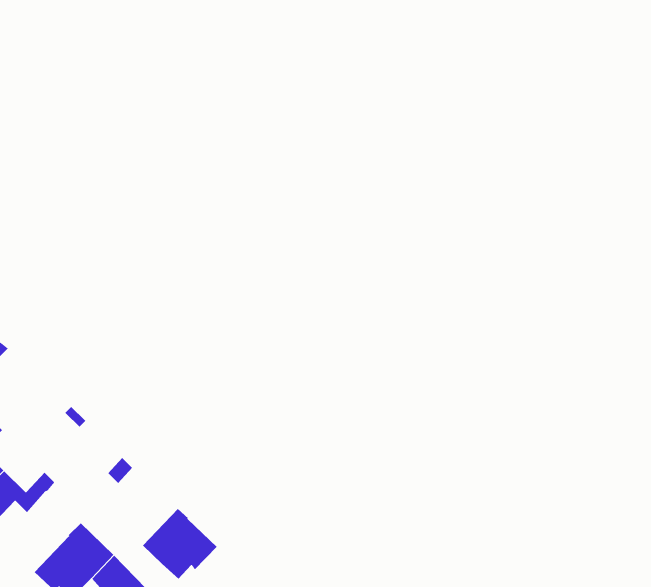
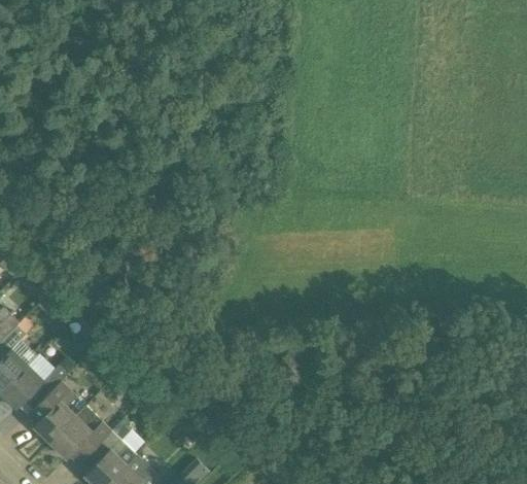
building: none -> [28,380,76,443]
building: [142,508,218,580] -> none

